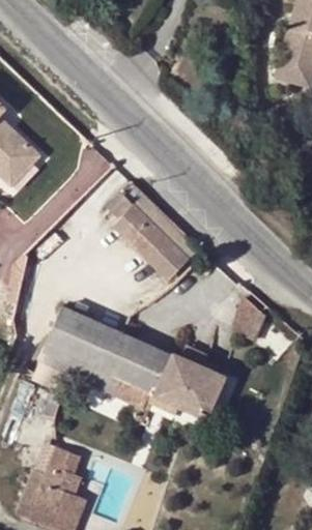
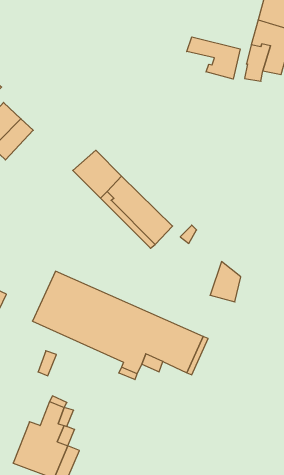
building: none -> [187,37,240,79]

